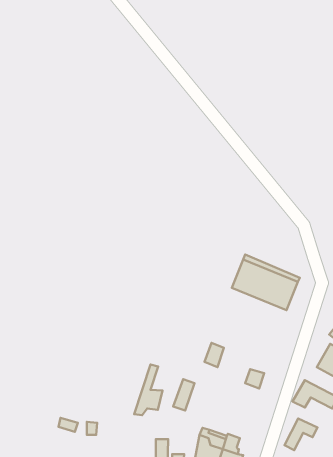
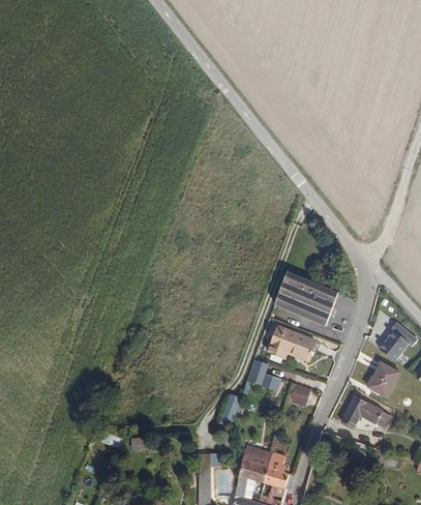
building: none -> [270,325,319,361]
building: [134,365,163,415] -> none
building: [284,418,318,450] -> none

